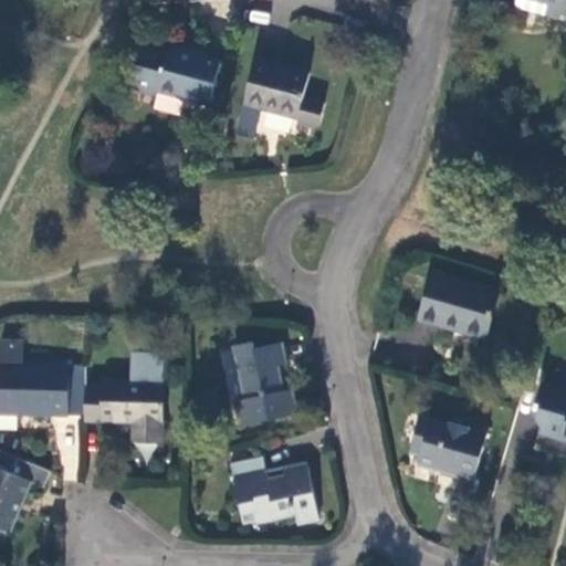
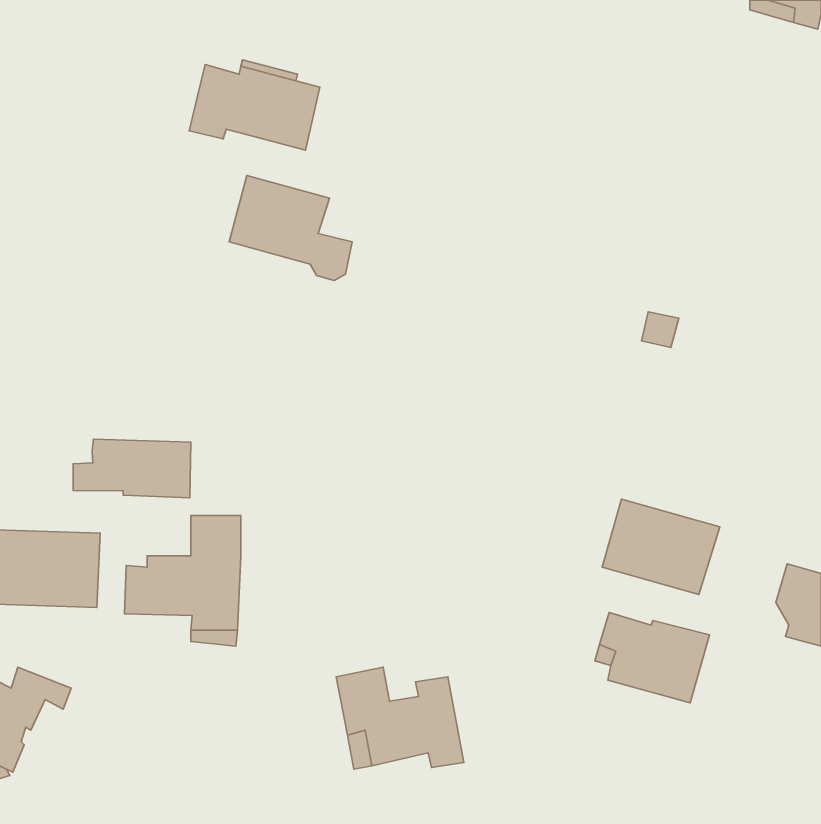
building: [240,61,324,133] -> [229,175,352,280]
building: [417,274,497,339] -> [602,499,720,595]
building: none -> [73,439,191,498]
building: [232,343,296,427] -> none

